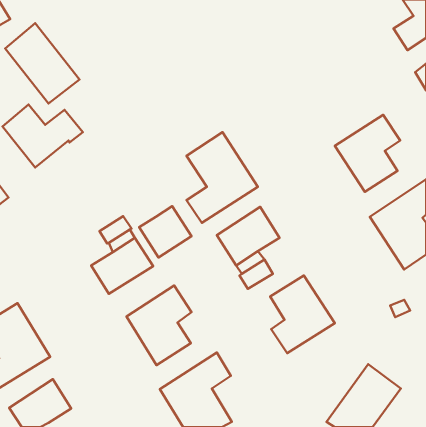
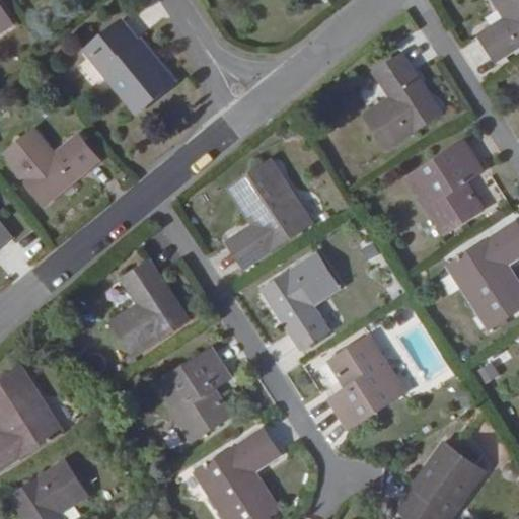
building: [5,23,80,104] -> [84,19,174,117]
building: none -> [365,55,439,150]
building: [139,206,191,258] -> none

